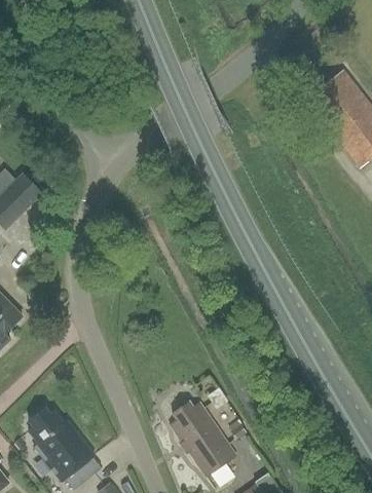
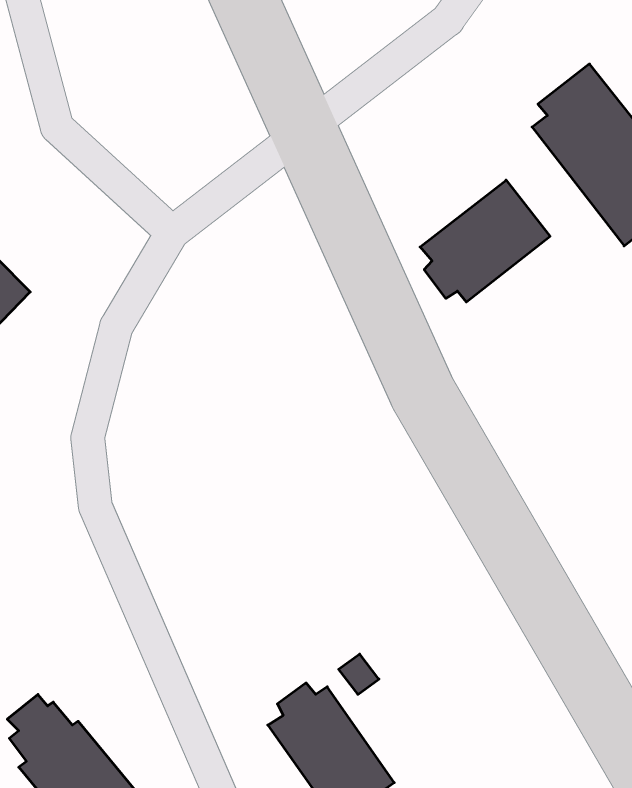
building: none -> [420,180,550,302]

